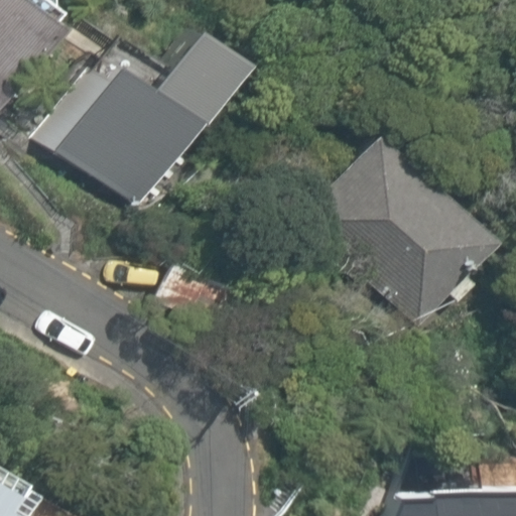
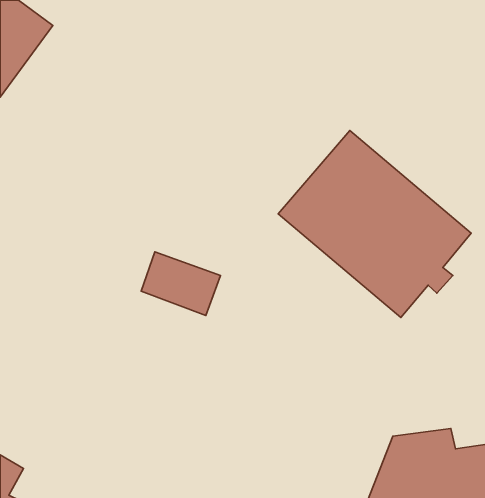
building: [54,20,230,207] -> none

